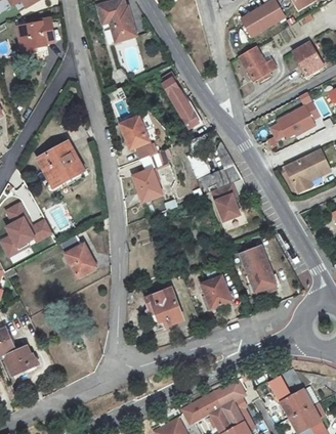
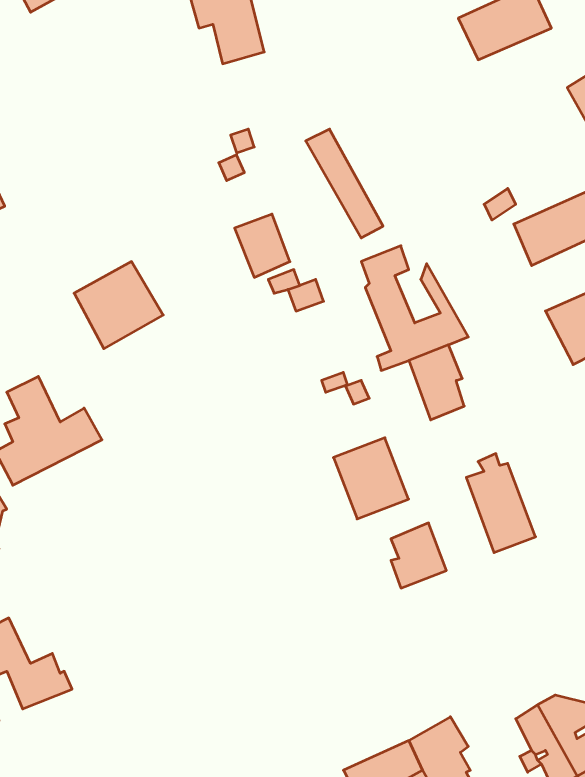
building: [19,19,55,53] -> none
building: [240,47,276,81] -> none
building: [133,169,162,203] -> none
building: [60,235,96,277] -> none
building: [144,289,183,331] -> [333,438,409,519]

